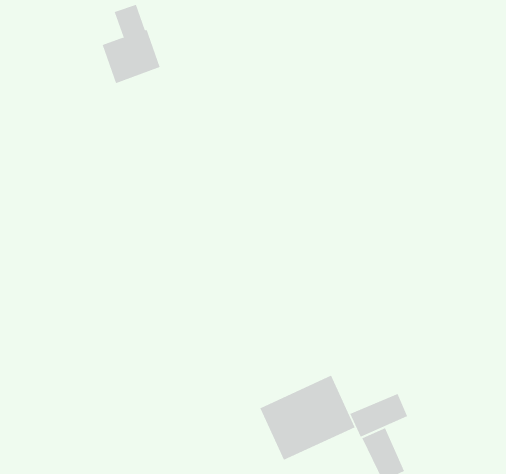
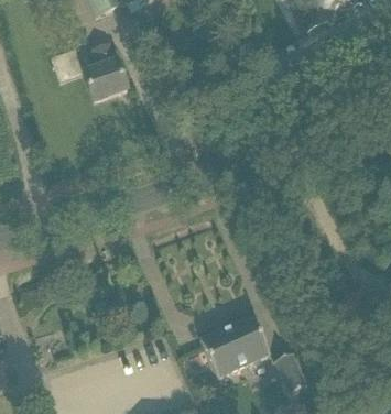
building: [349,393,408,438] -> none

